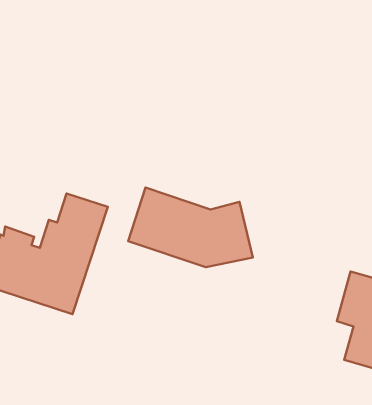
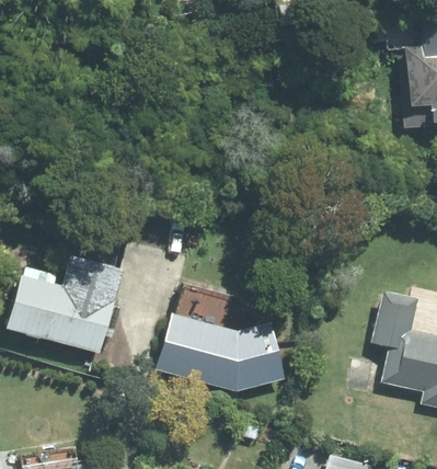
building: [128,188,253,267] -> [157,312,287,391]

